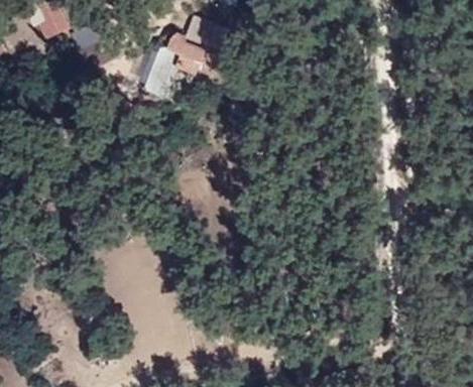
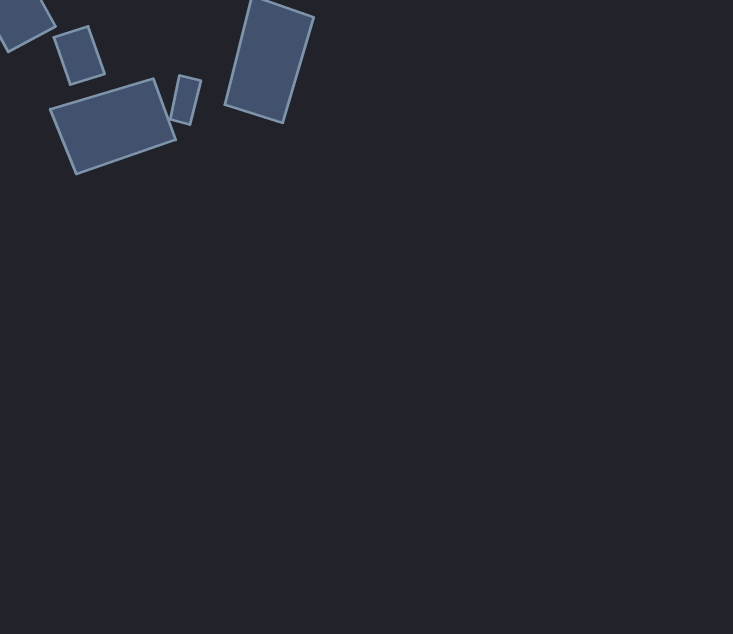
building: none -> [50,79,176,174]

